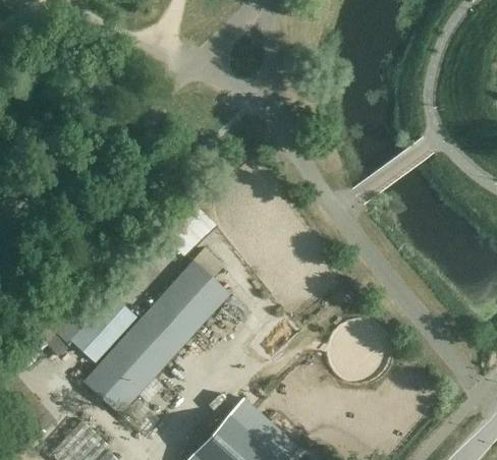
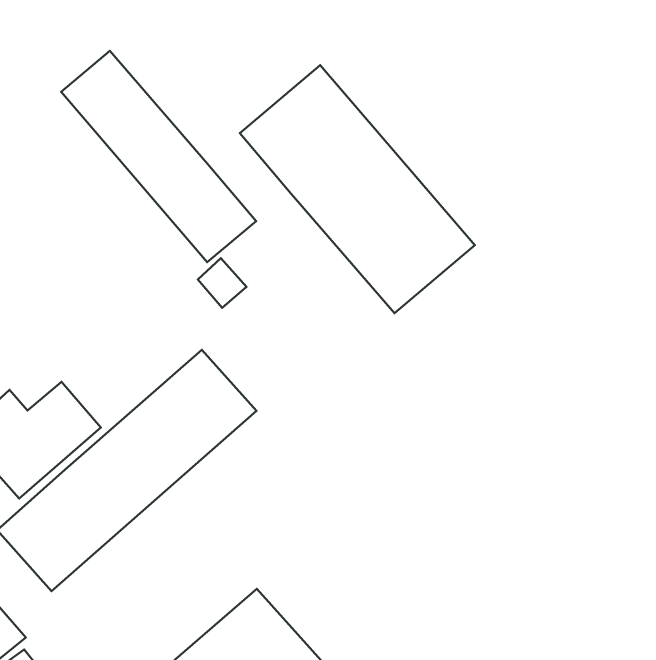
building: none -> [240,65,475,313]
building: none -> [61,51,256,262]

